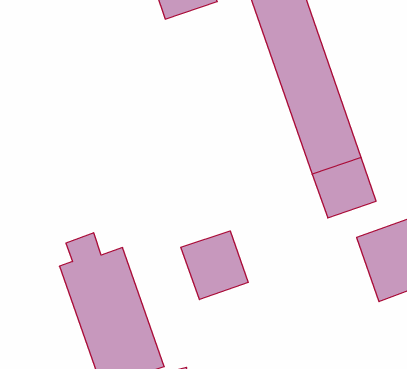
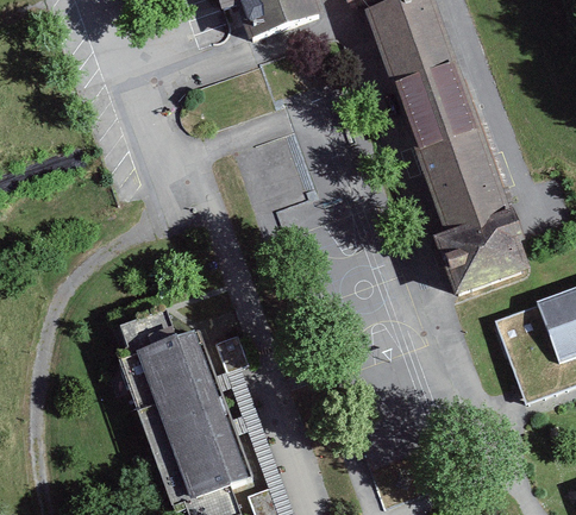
building: [181,231,248,300] -> none

